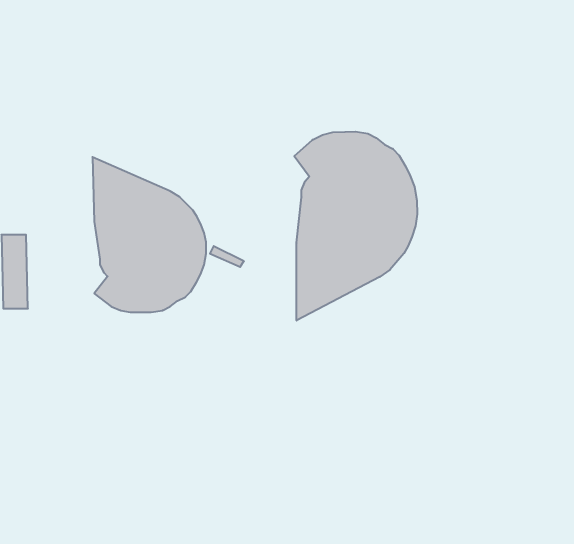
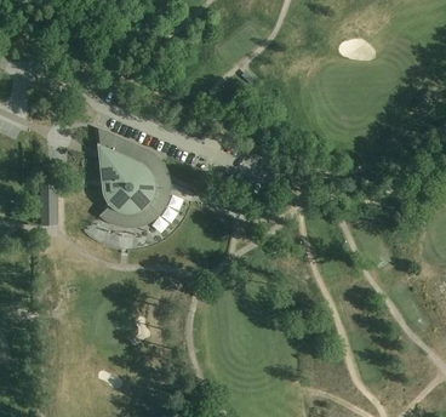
building: [294,132,417,321] -> none

